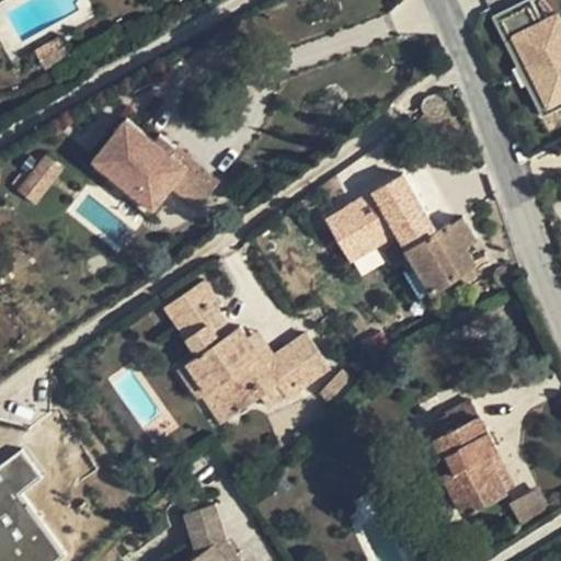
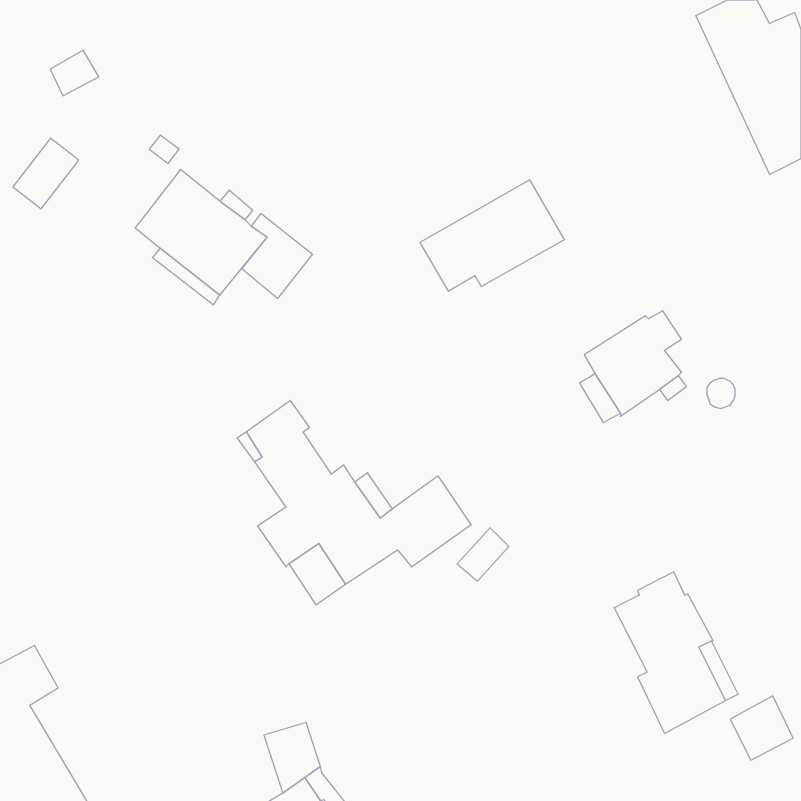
building: [19,157,65,206] -> [13,138,79,209]
building: [327,174,427,252] -> [420,180,564,291]

